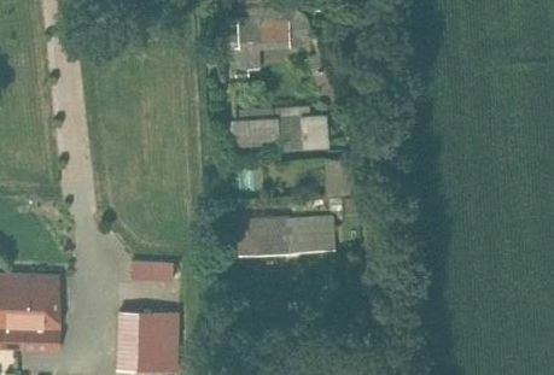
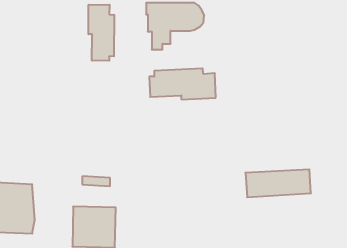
building: none -> [89,5,114,61]
building: [237,216,333,257] -> [245,169,311,197]

